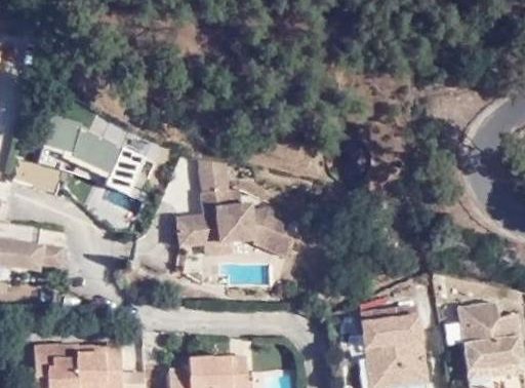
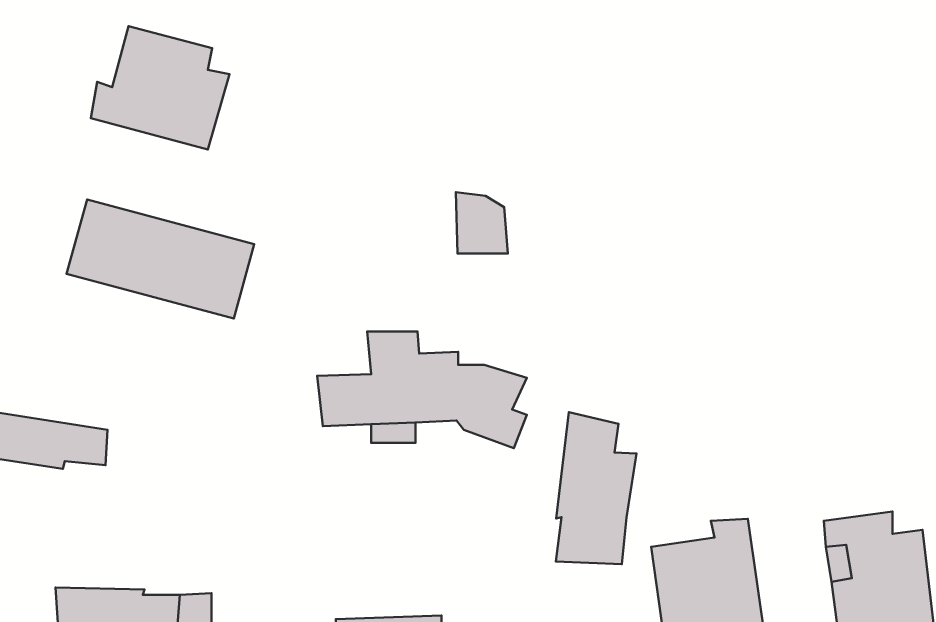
building: none -> [91,26,230,150]
building: [205,165,234,199] -> [456,192,508,253]
building: none -> [556,412,637,564]

